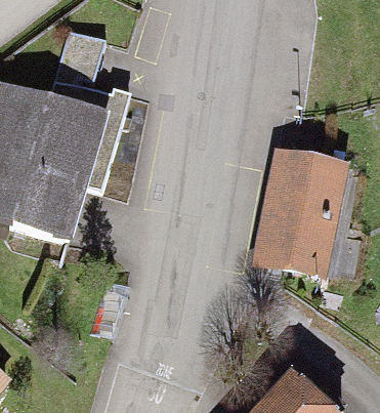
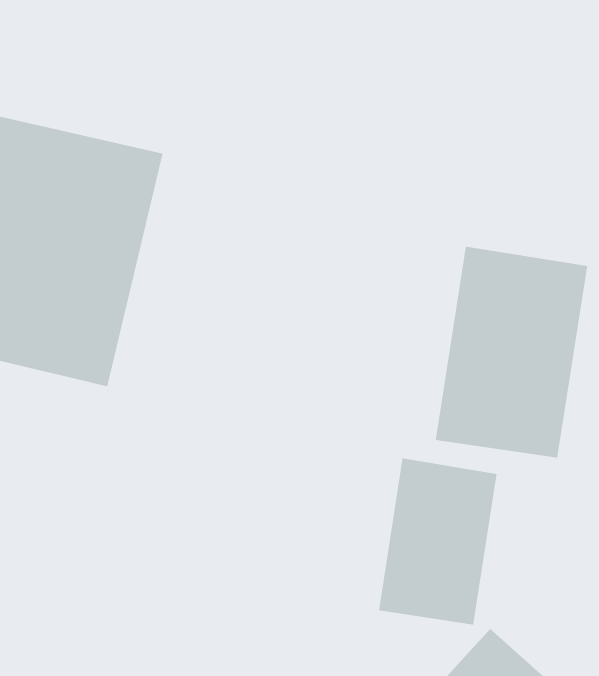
building: none -> [378,458,497,626]

